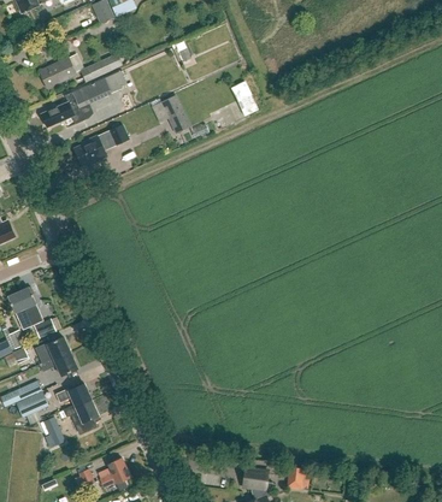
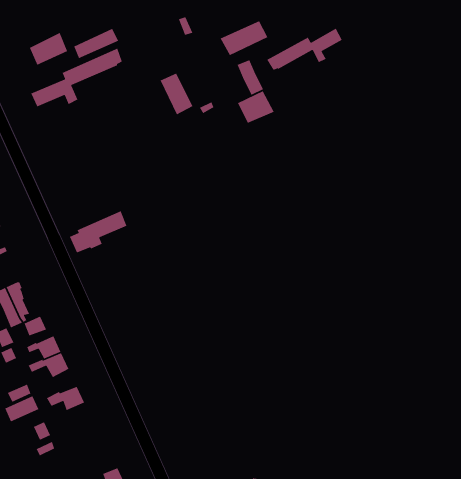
building: none -> [219,20,269,56]
building: none -> [266,28,343,71]
building: none -> [237,90,275,124]
building: [73,124,128,164] -> [69,210,128,253]
building: [63,398,98,433] -> none

